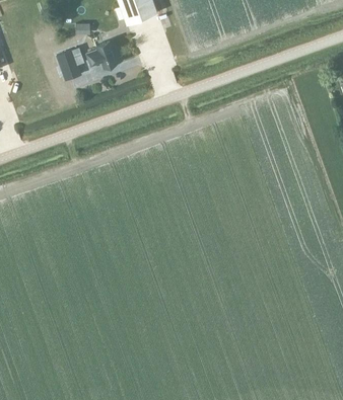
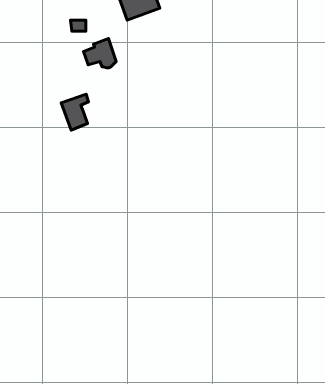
building: [58,48,83,81] -> [61,94,88,130]

